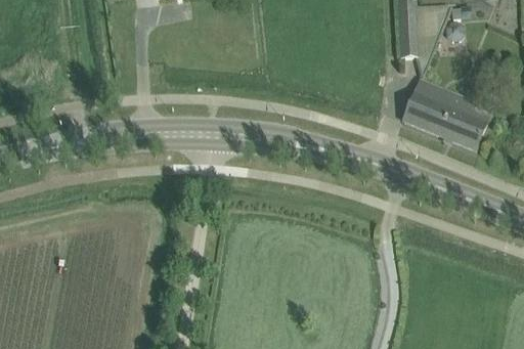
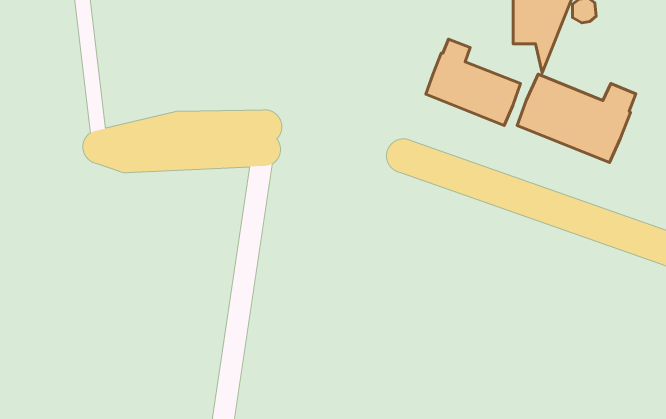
building: none -> [426,39,520,125]

